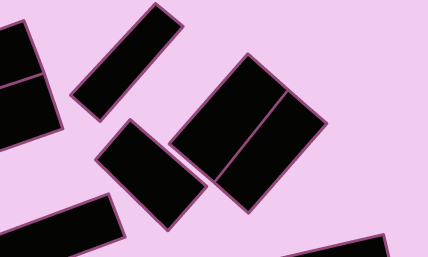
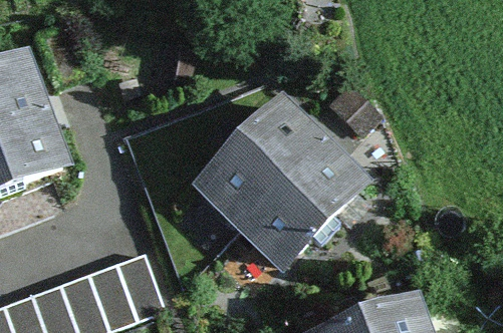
building: [71,4,183,121] -> none
building: [96,119,207,231] -> none

